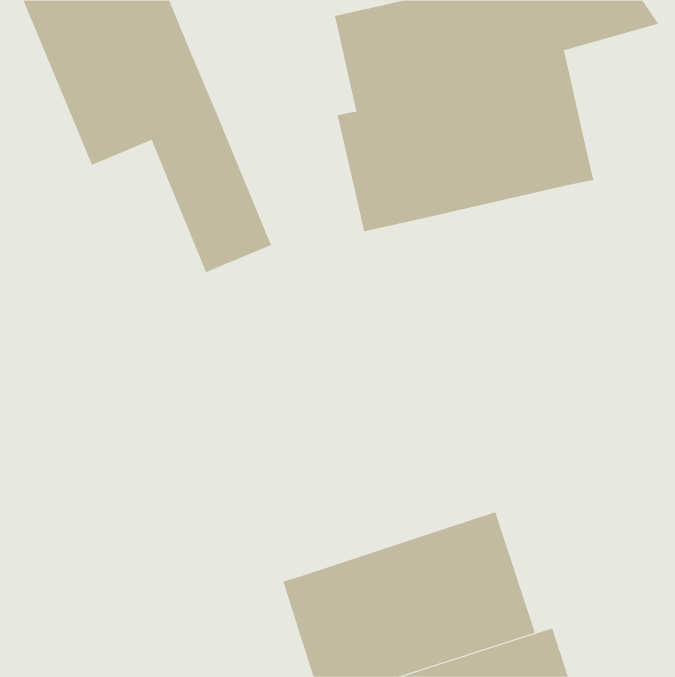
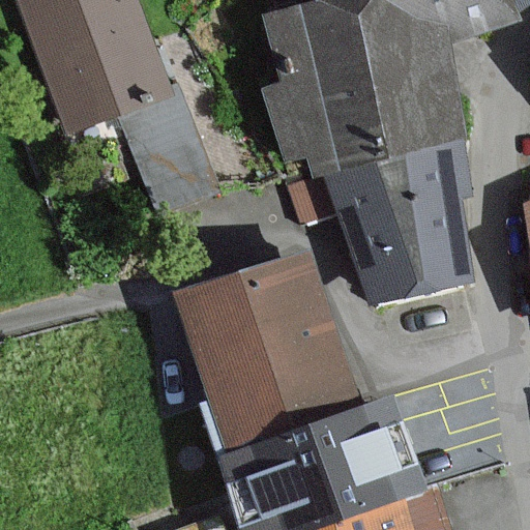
building: none -> [284,141,476,303]
building: none -> [182,257,347,450]

